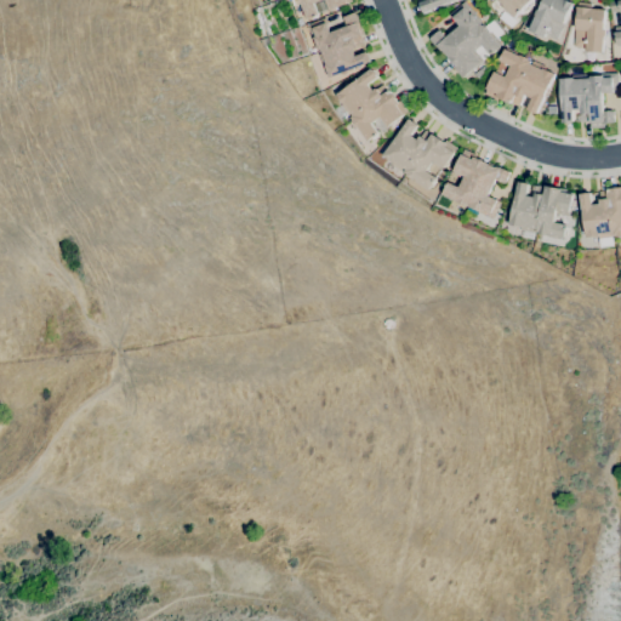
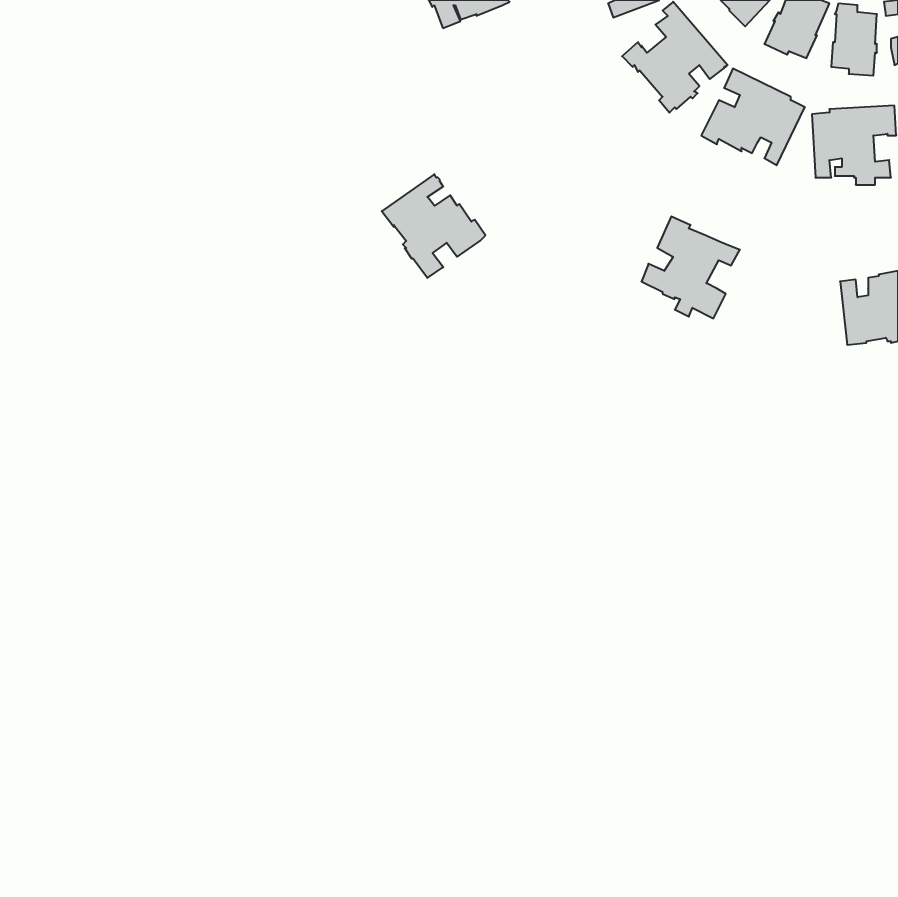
building: [306,13,371,79] -> none
building: [336,70,408,142] -> [382,174,485,278]
building: [383,120,457,190] -> none
building: [509,182,572,241] -> none

